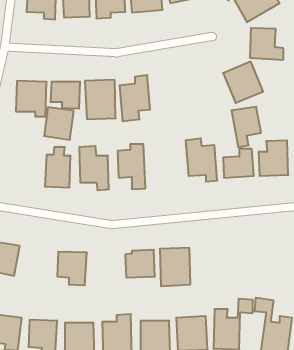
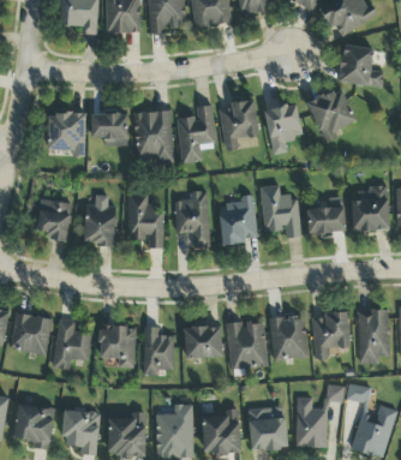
building: none -> [219,100,258,150]
building: [231,107,261,147] -> [264,103,301,154]
building: [44,107,74,140] -> [35,198,72,239]
building: none -> [217,195,257,244]
building: none -> [357,310,389,364]
building: none -> [311,311,349,359]
building: none -> [269,315,307,359]
building: none -> [53,318,90,370]
building: none -> [142,327,173,375]

